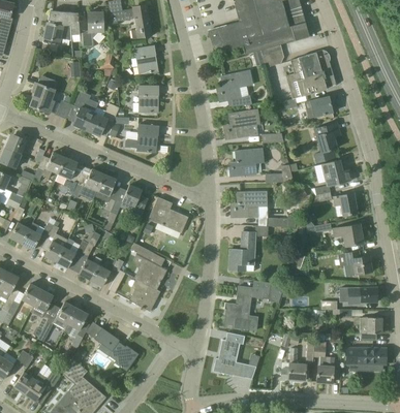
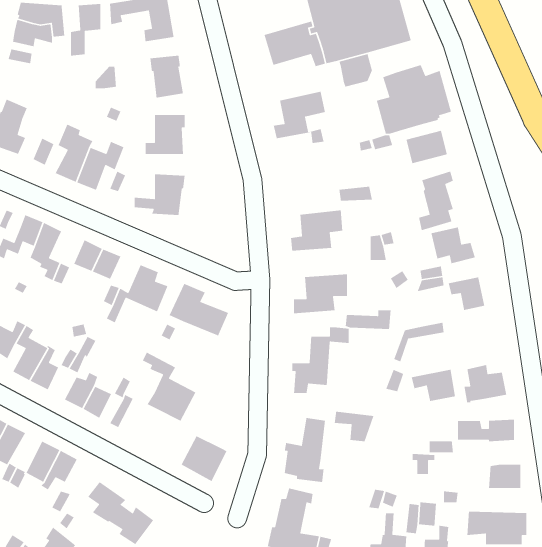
building: [224,109,258,139] -> none
building: [333,224,363,246] -> [411,369,456,402]
building: [129,281,160,312] -> [181,435,227,482]

